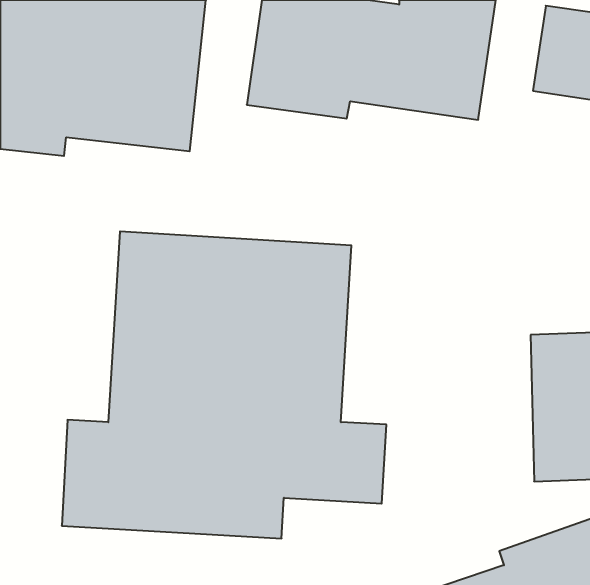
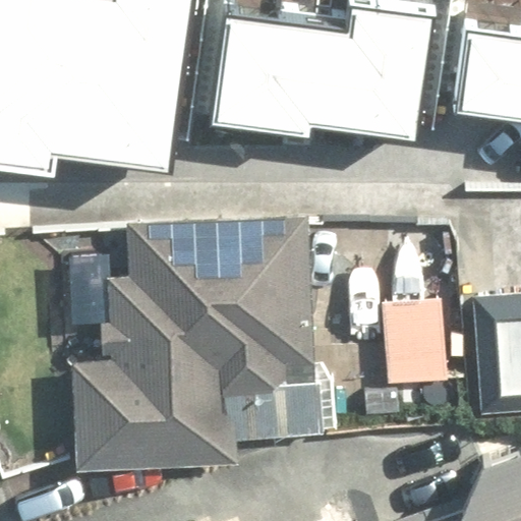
building: none -> [354,306,445,392]

